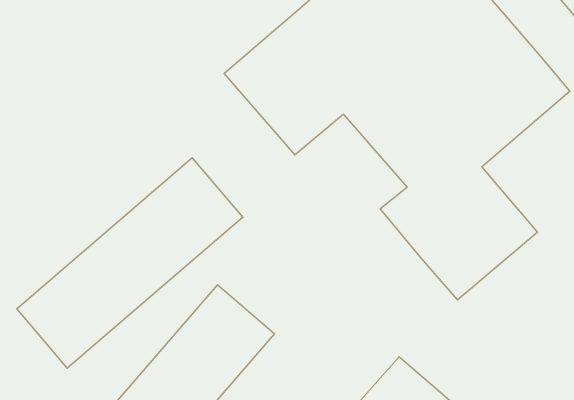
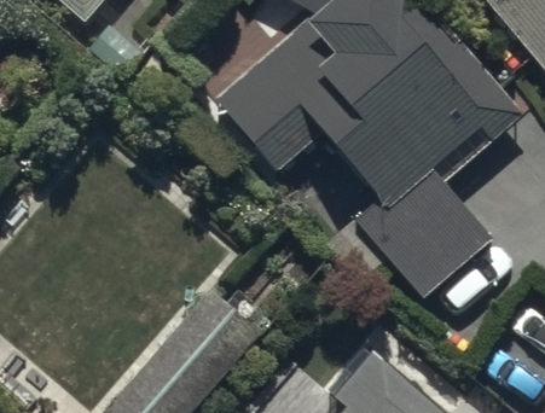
building: [17,158,243,368] -> none

